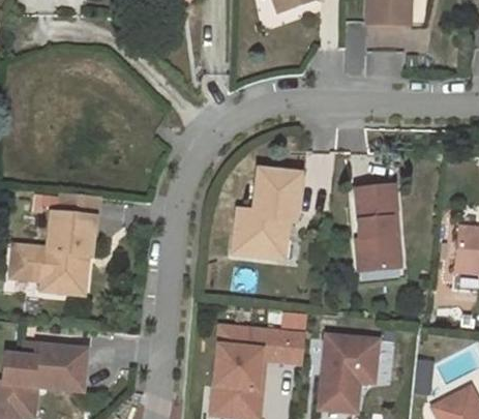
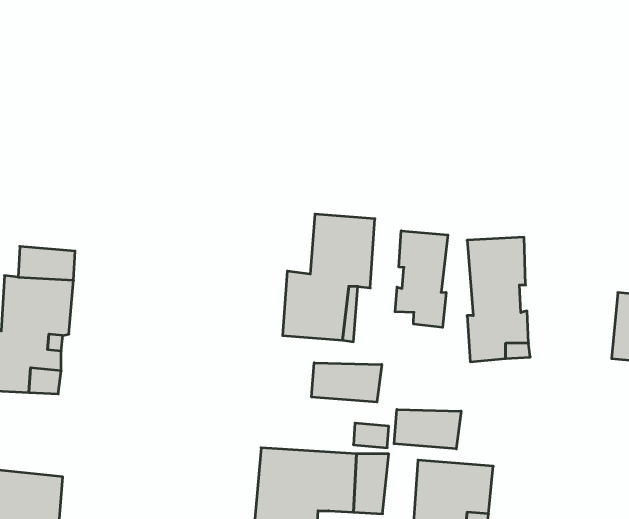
building: none -> [395,231,448,327]
building: none -> [312,363,382,402]
building: none -> [394,409,461,449]

